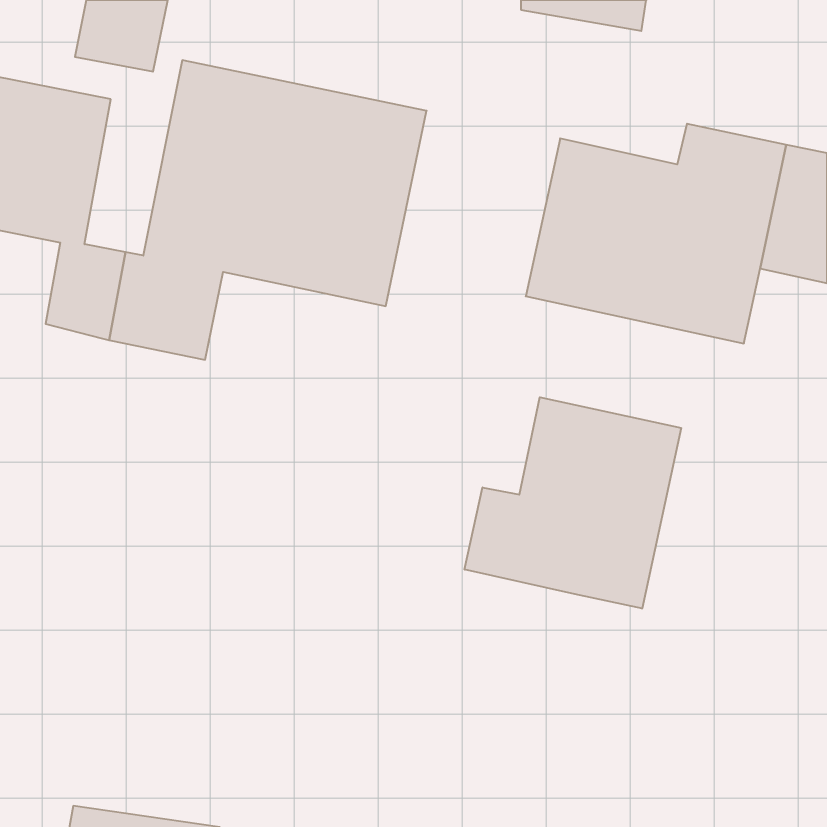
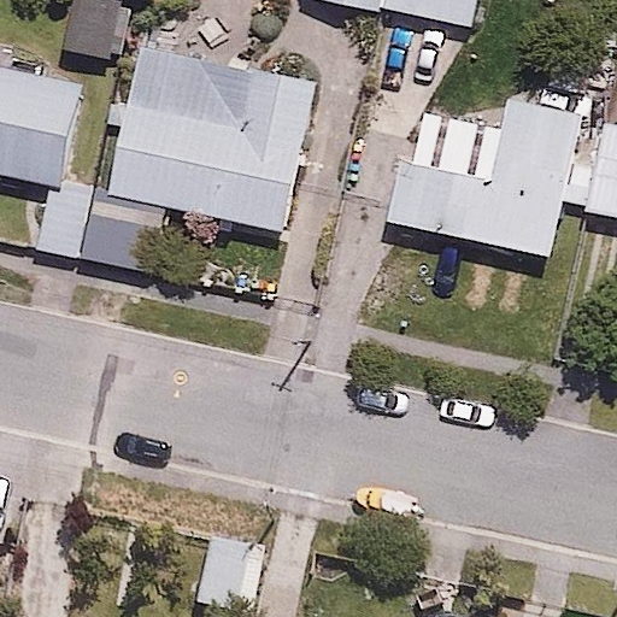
building: [465,397,681,609] -> none

